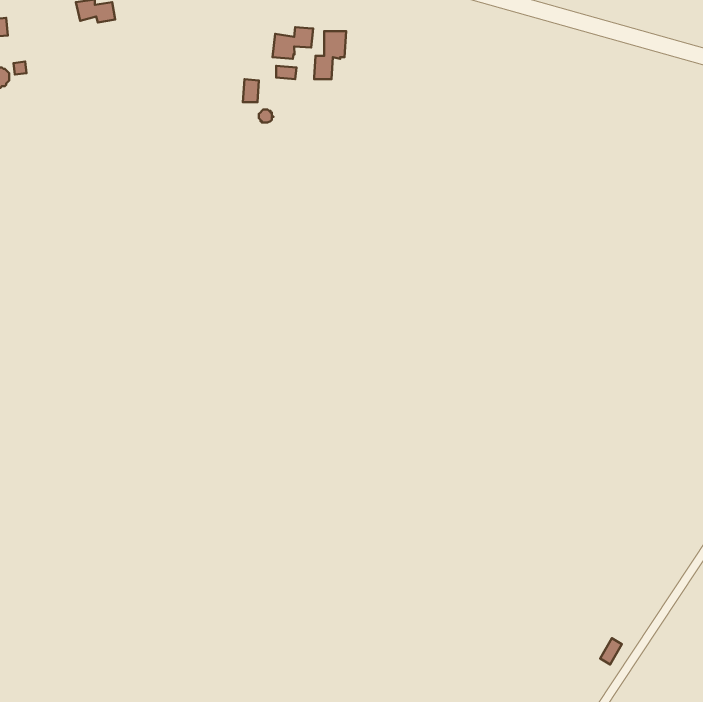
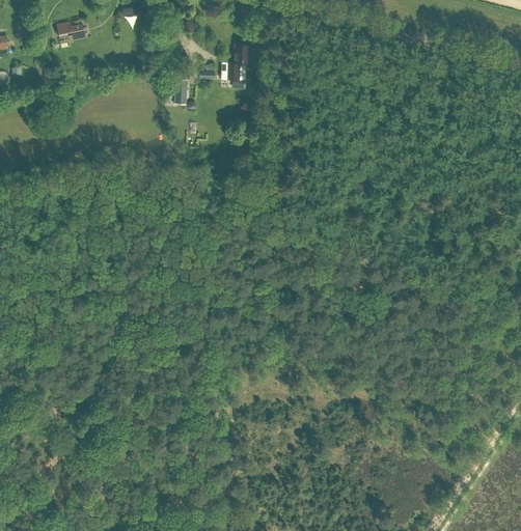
building: [273,27,313,59] -> none

